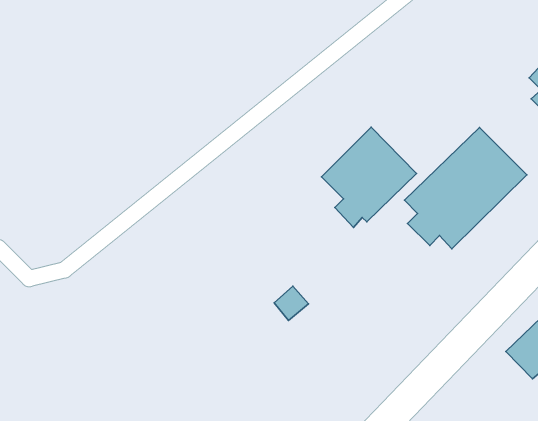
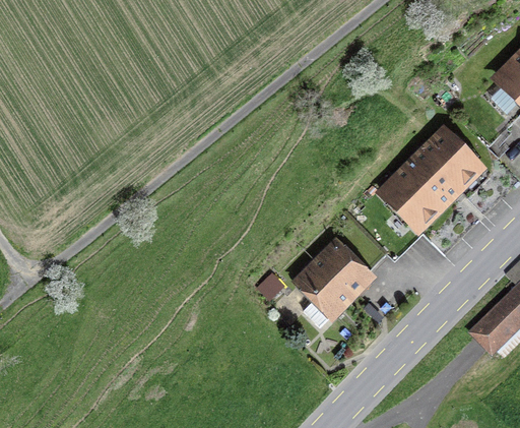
building: [321,127,416,227] -> [291,234,379,326]

